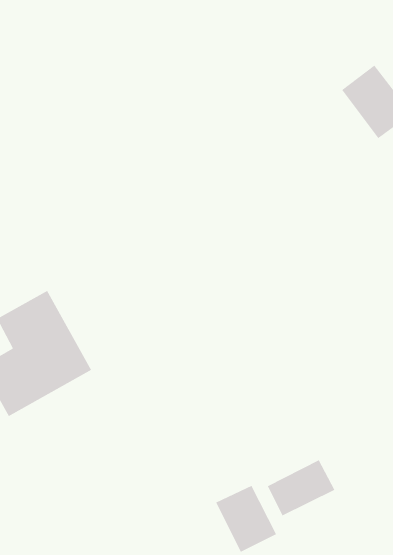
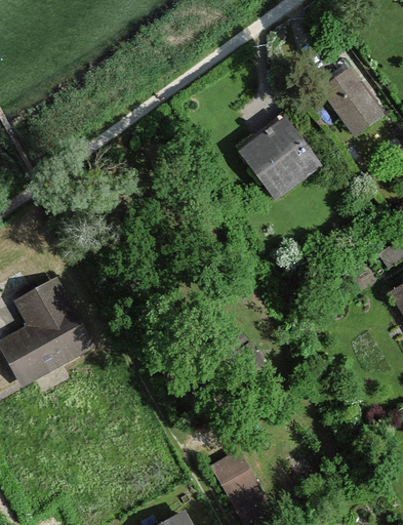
building: none -> [238,118,321,201]
building: [267,459,335,516] -> none

